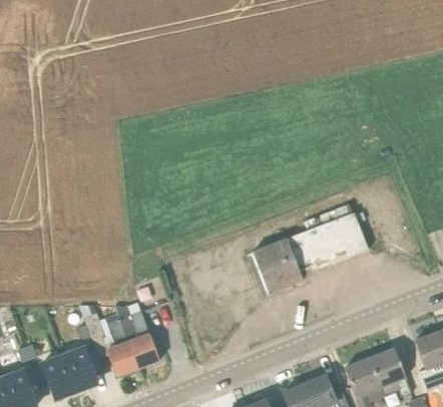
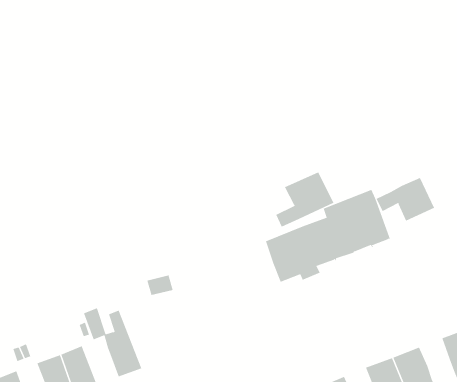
building: none -> [276,171,334,228]
building: none -> [376,177,435,221]
building: [116,306,159,369] -> none

